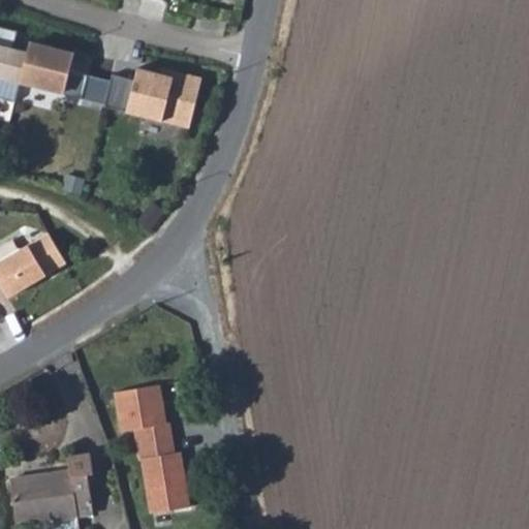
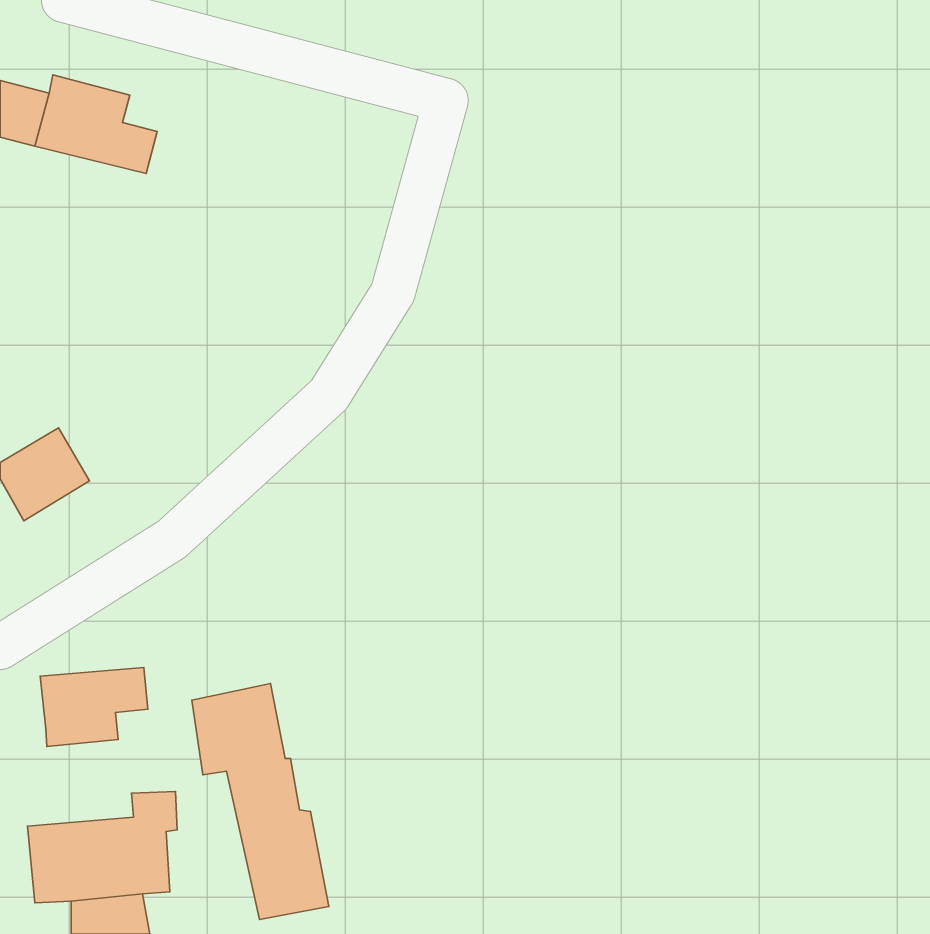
building: [106,67,205,127] -> none
building: none -> [40,668,148,747]

